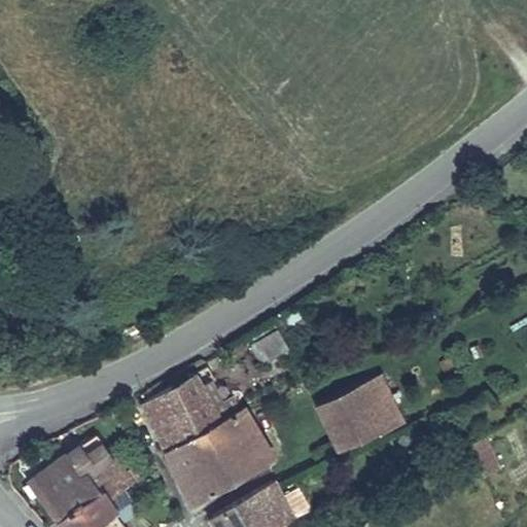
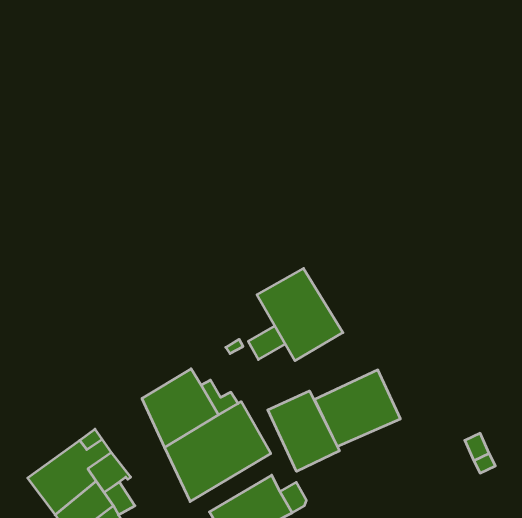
building: none -> [257,268,343,361]
building: none -> [268,391,339,471]

